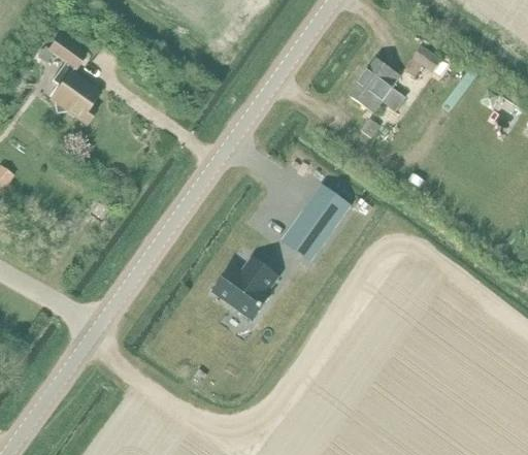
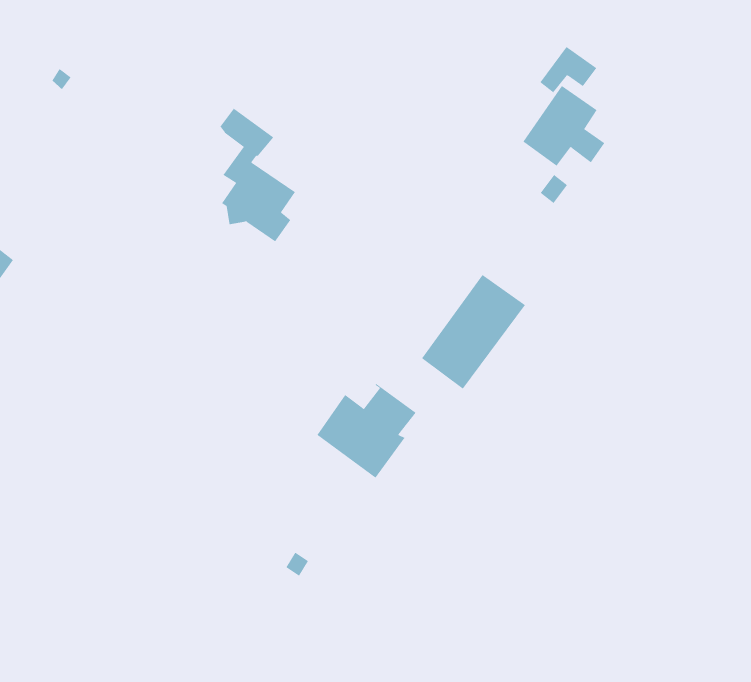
building: [48,35,99,124] -> [219,108,296,242]
building: [404,45,442,76] -> [540,46,597,93]

